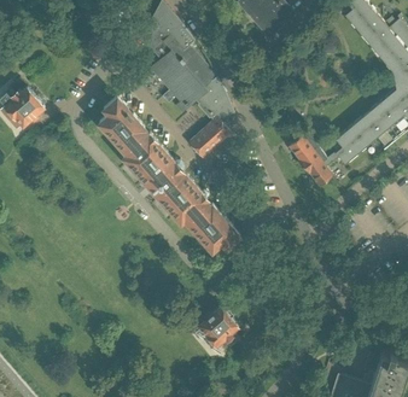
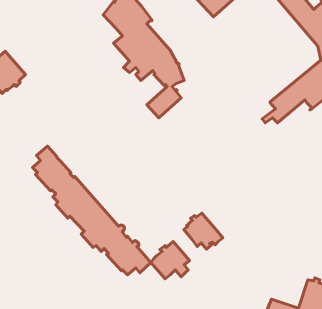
building: [98,95,239,249] -> [32,146,151,275]
building: [288,133,331,183] -> none
building: none -> [184,213,223,249]

